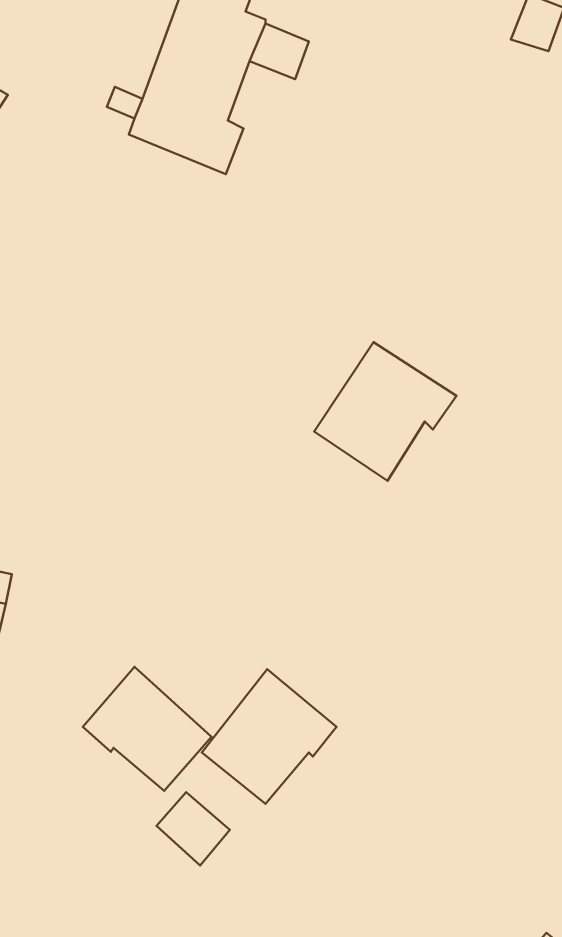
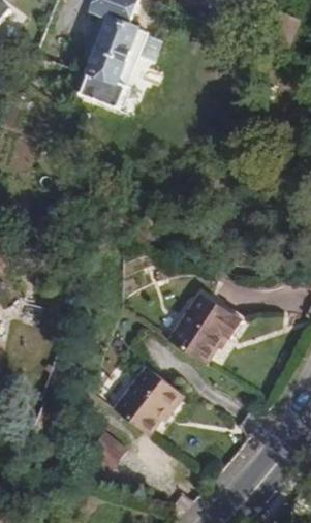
building: [314,342,457,481] -> [163,293,238,365]
building: [83,667,212,791] -> none

